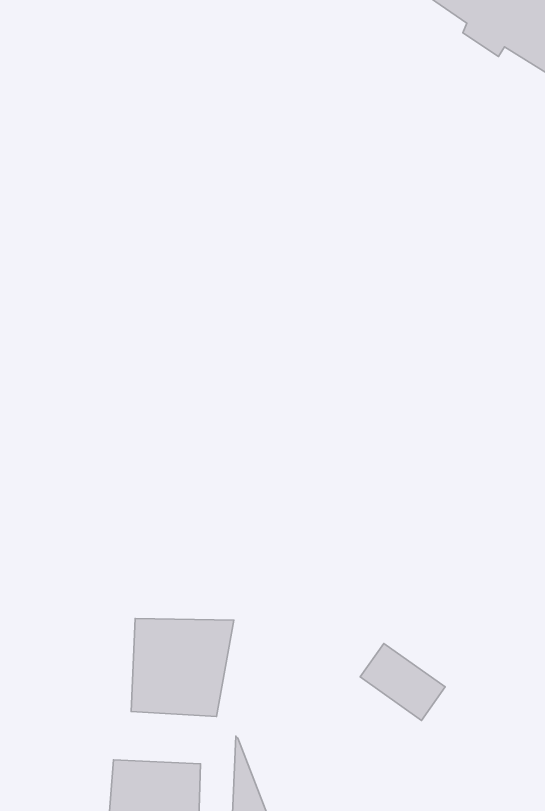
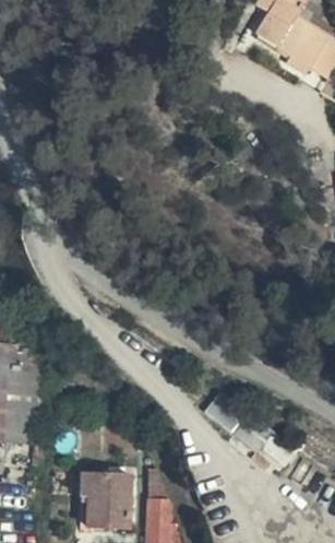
building: [131,618,234,717] -> none

